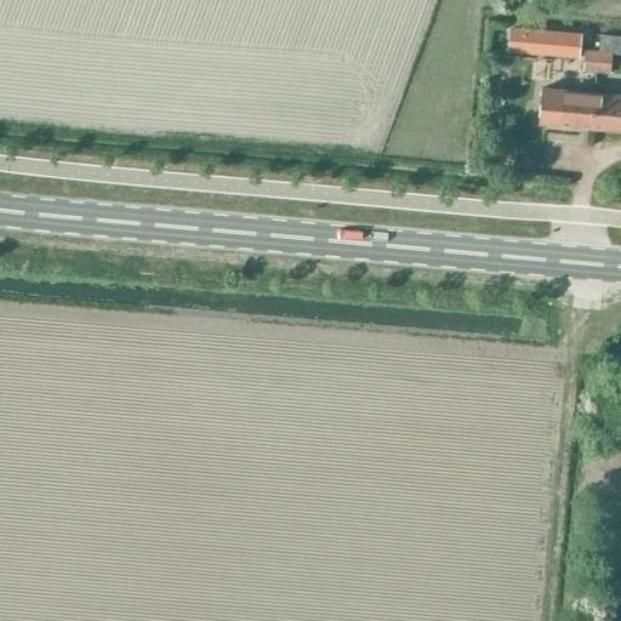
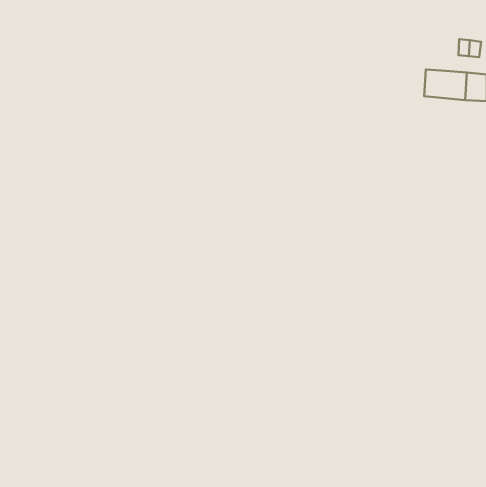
building: [508,28,581,58] -> none

